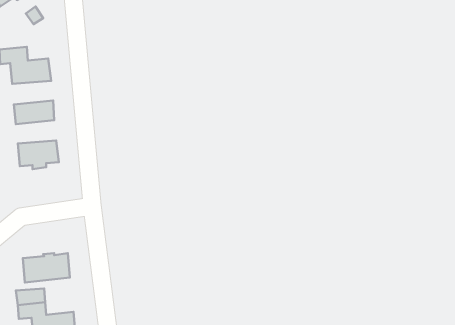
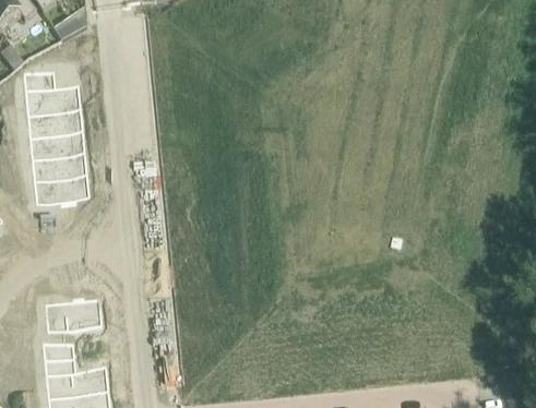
building: none -> [33,107,79,133]
building: none -> [37,151,82,177]

